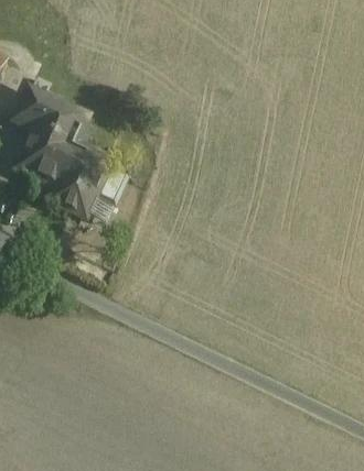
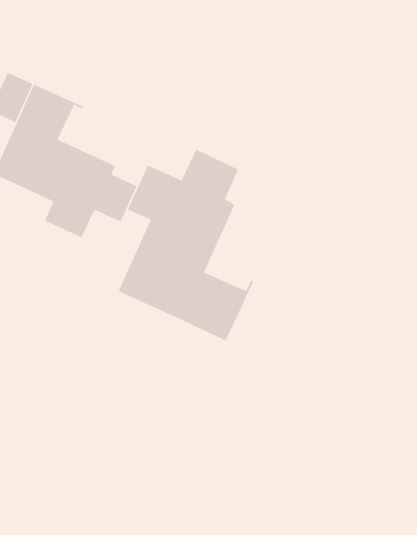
building: none -> [118,149,254,342]

